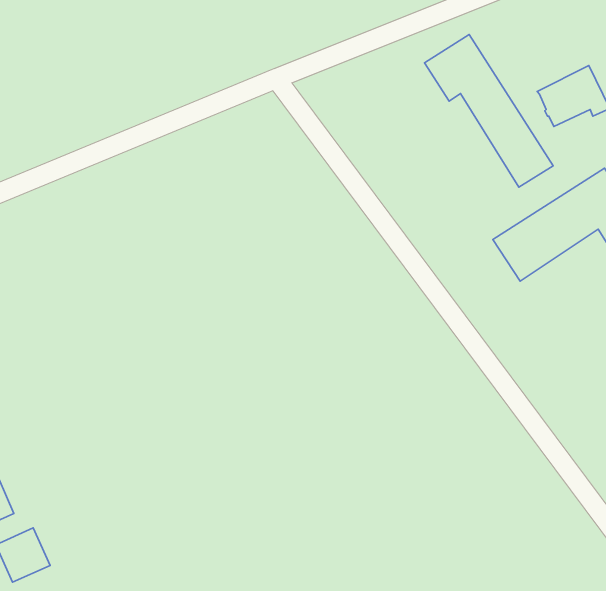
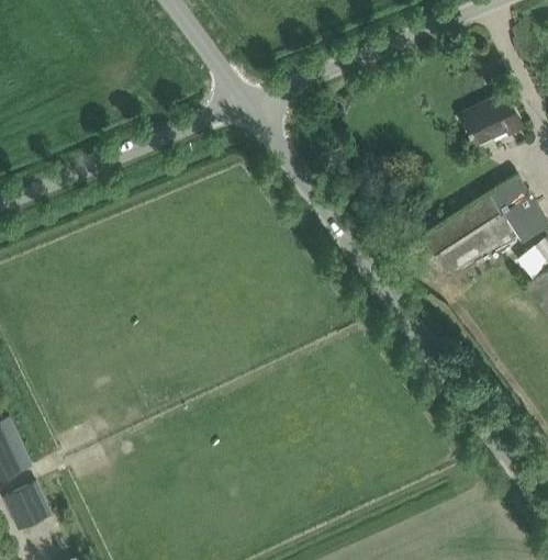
building: [425,34,553,187] -> none

